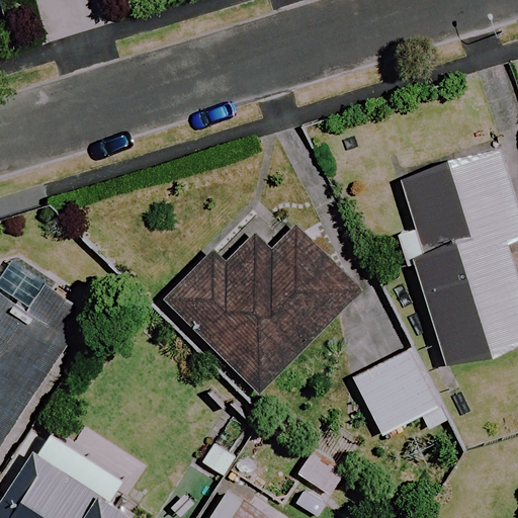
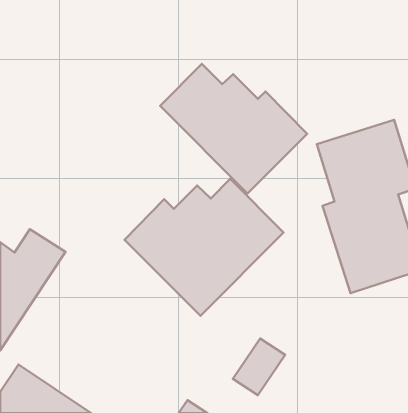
building: none -> [160,64,307,194]
building: [352,348,447,436] -> none

